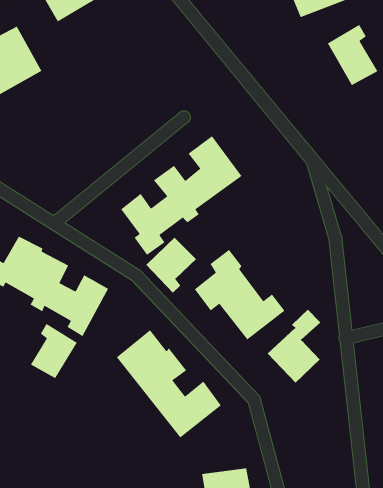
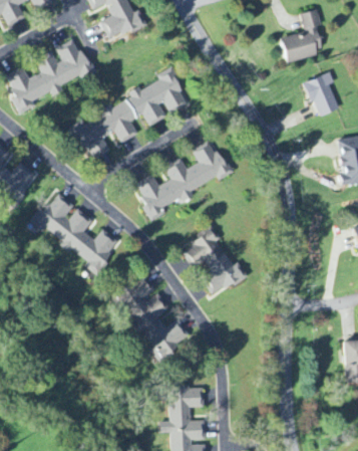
building: none -> [72,66,189,160]
building: [145,237,197,294] -> none
building: [267,309,321,383] -> none
building: [30,323,78,379] -> none

